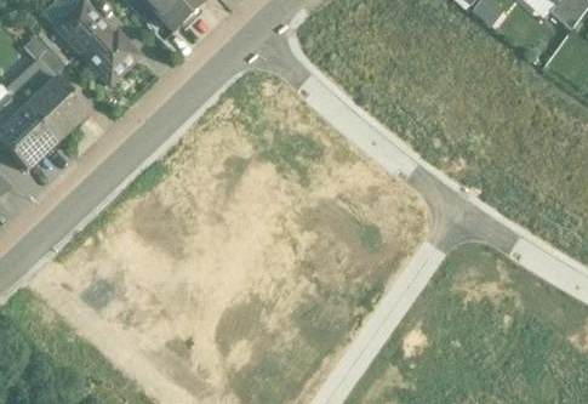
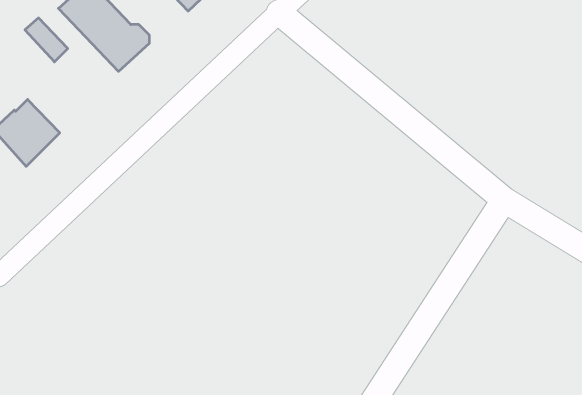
building: [8,67,90,140] -> none

